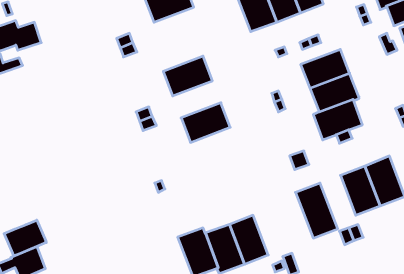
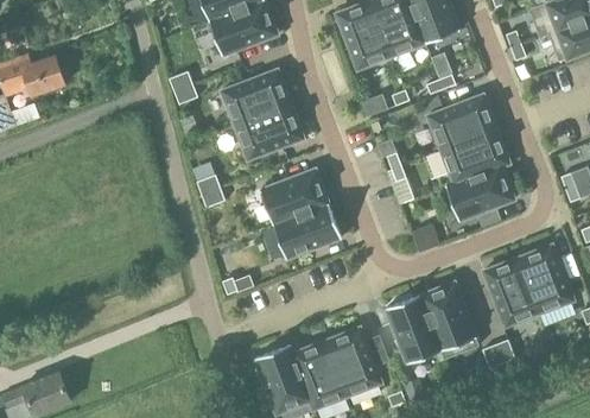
building: none -> [221,69,291,125]
building: none -> [273,203,342,259]
building: none -> [386,294,445,363]
building: [4,220,46,256] -> none

